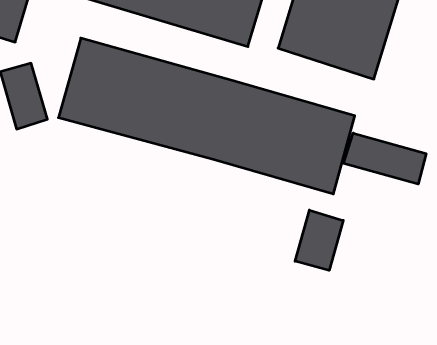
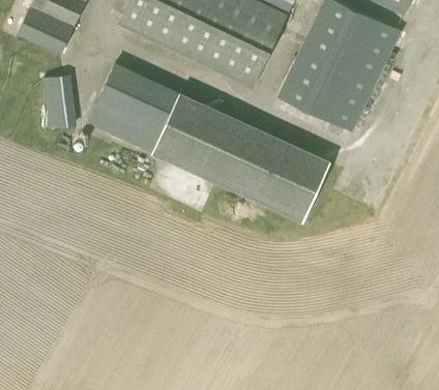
building: [344,133,426,184] -> none
building: [295,210,343,270] -> none

